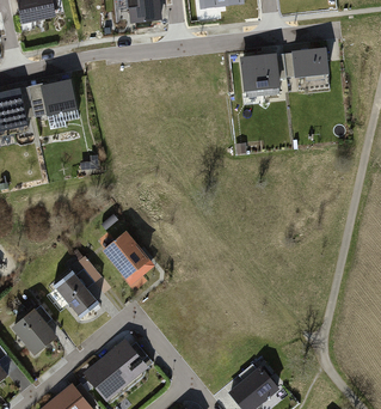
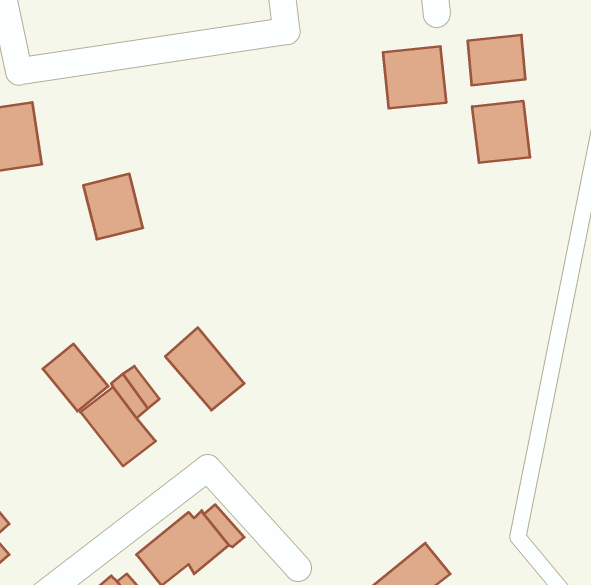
building: [38,80,75,121] -> [83,174,143,239]
building: none -> [472,101,530,163]
building: [12,311,53,353] -> [43,344,108,411]

